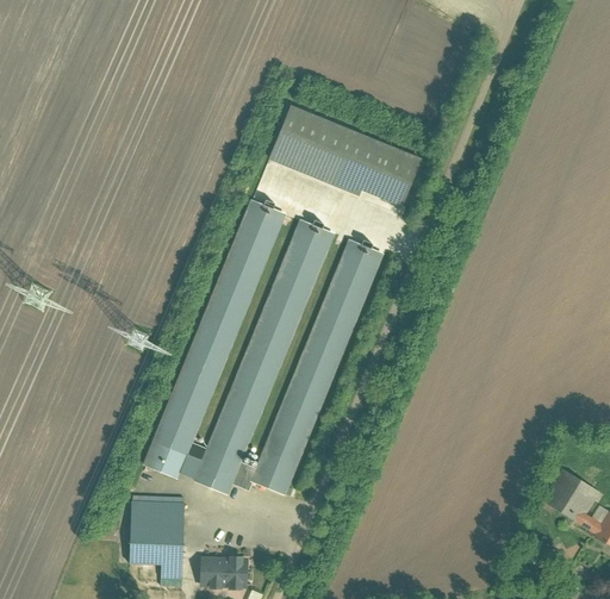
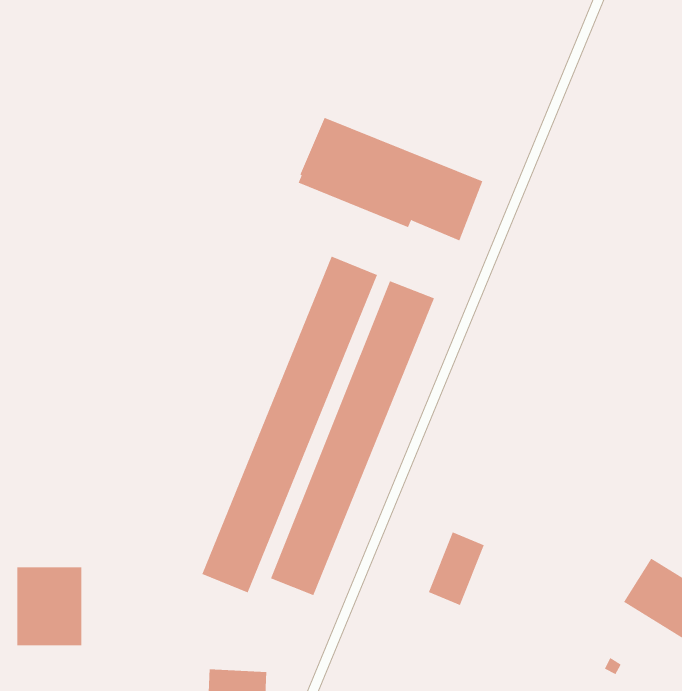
building: [142,201,287,476] -> none
building: none -> [428,531,485,606]
building: [131,500,185,564] -> [16,567,82,646]

